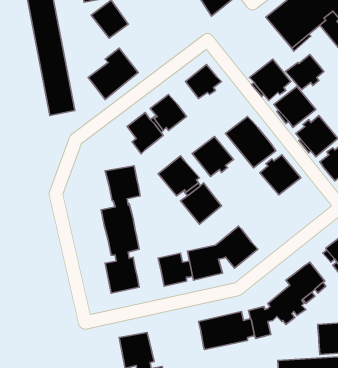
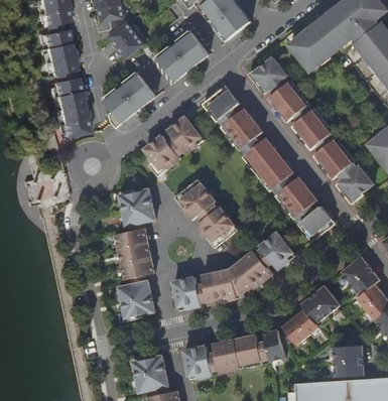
building: none -> [153,29,208,81]
building: [286,54,324,90] -> [246,58,284,94]
building: [192,136,233,177] -> [220,110,261,150]
building: none -> [300,206,337,242]
building: none -> [258,231,297,268]
building: none -> [186,346,220,379]

